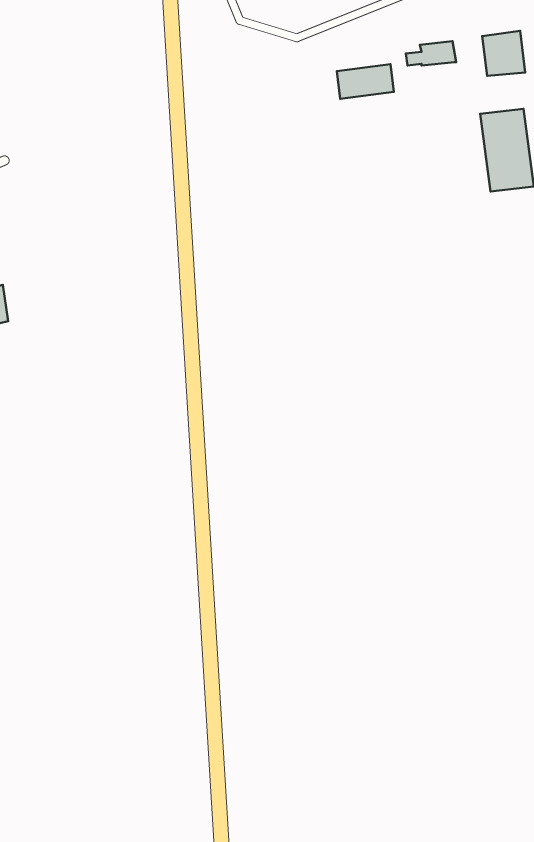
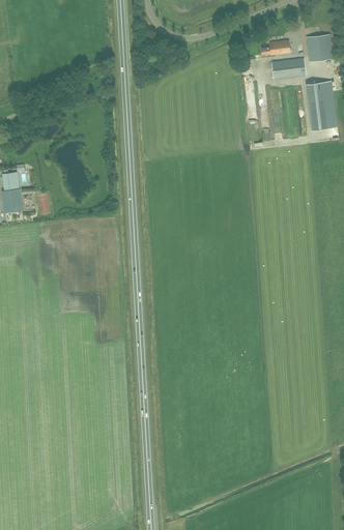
building: [337,64,394,99] -> [270,58,305,79]

